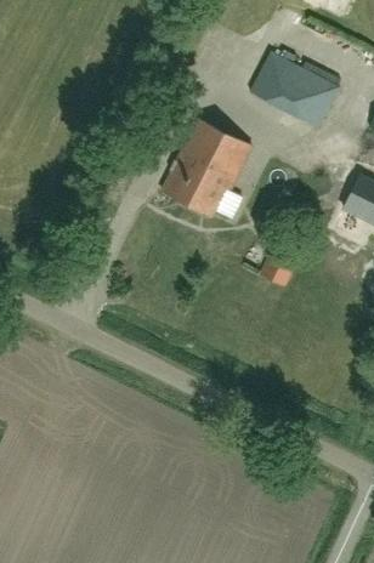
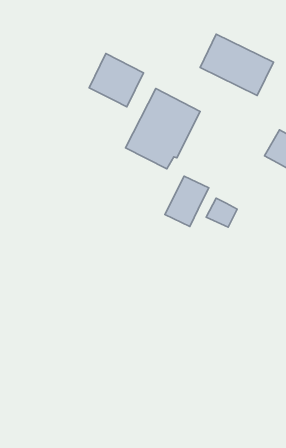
building: none -> [89,54,143,107]
building: none -> [165,176,209,226]

